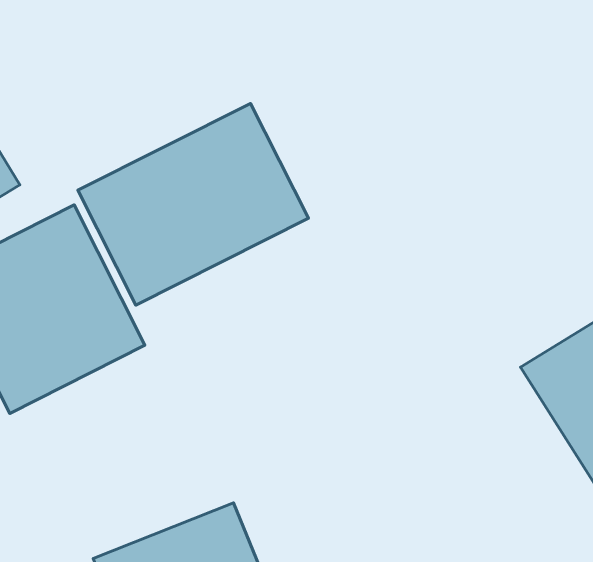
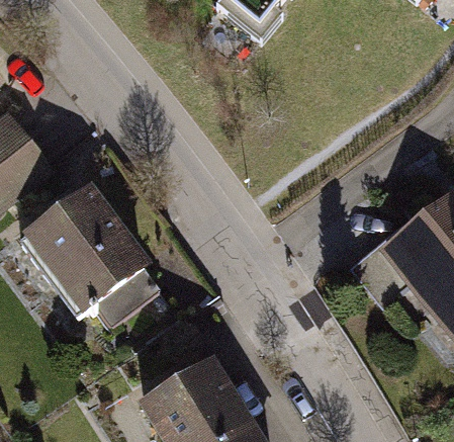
building: [78,103,308,305] -> none

